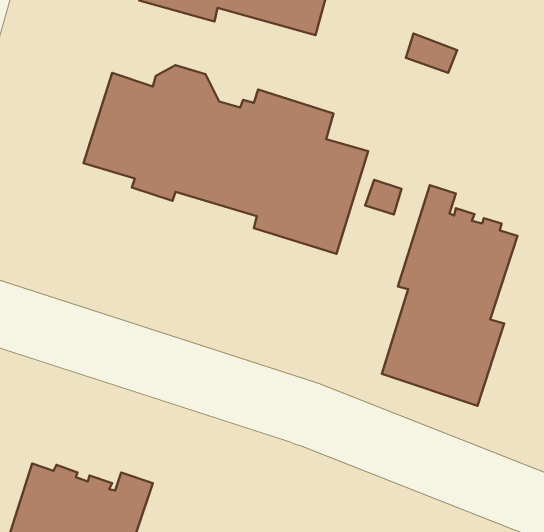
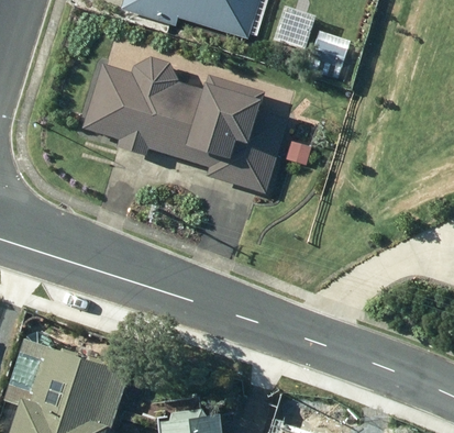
building: [382,185,517,406] -> none

